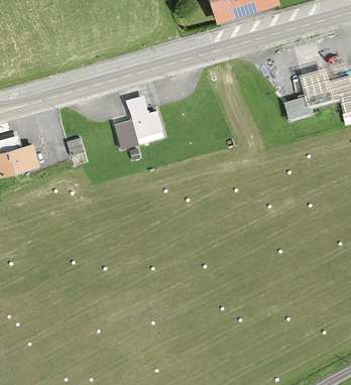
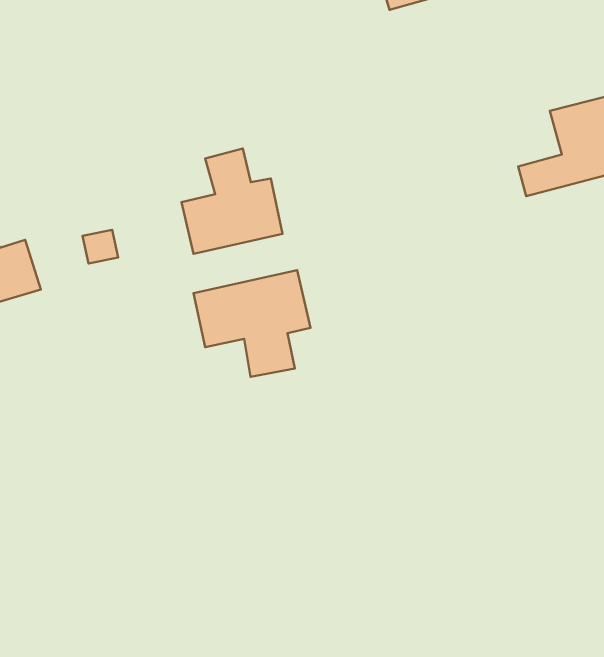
building: none -> [194,270,310,377]

